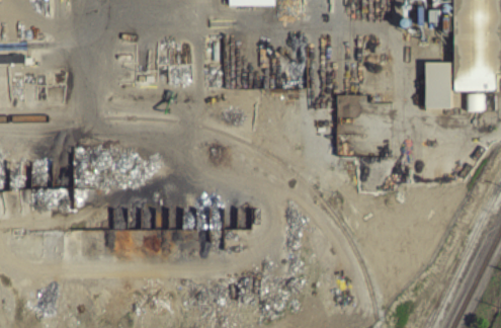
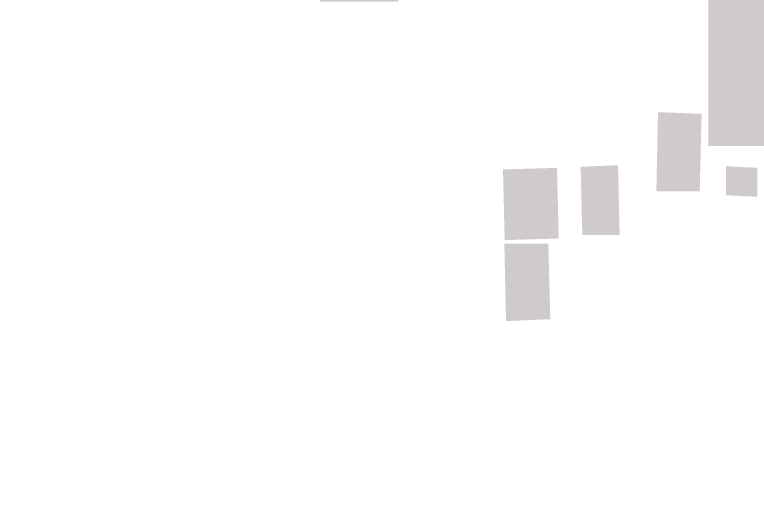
building: none -> [580,165,620,236]
building: none -> [504,243,551,322]

